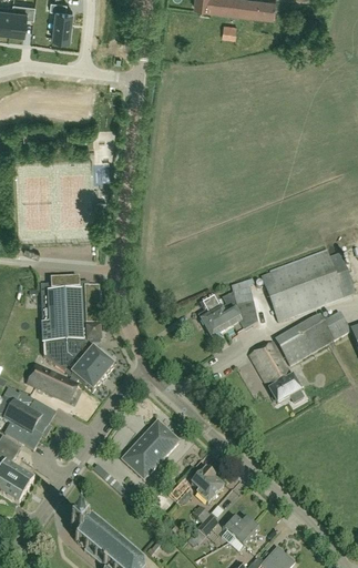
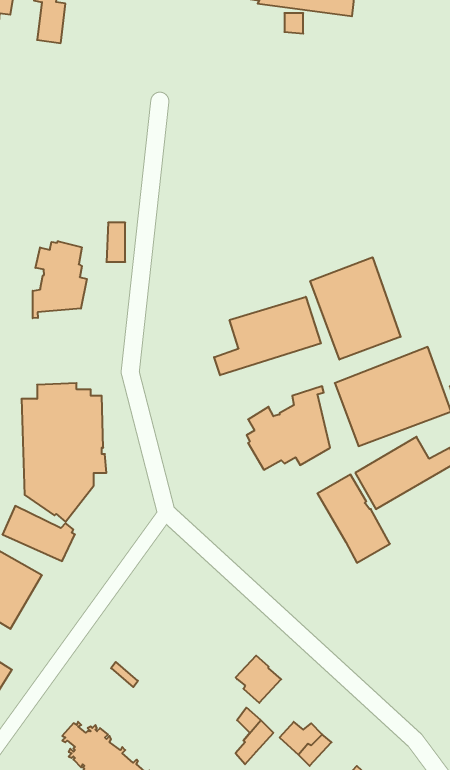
building: none -> [33,241,87,318]
building: none -> [310,257,401,360]
building: none -> [214,297,321,375]
building: [72,347,115,390] -> none
building: [121,419,180,479] -> none

